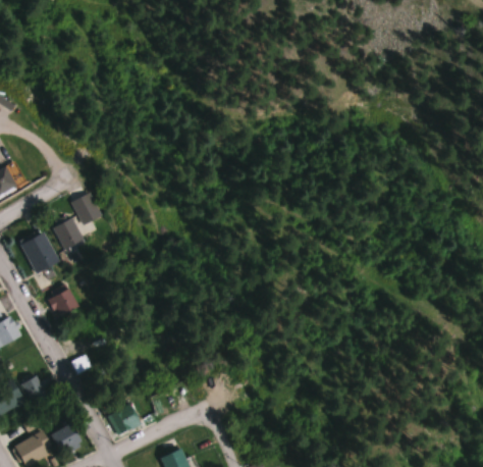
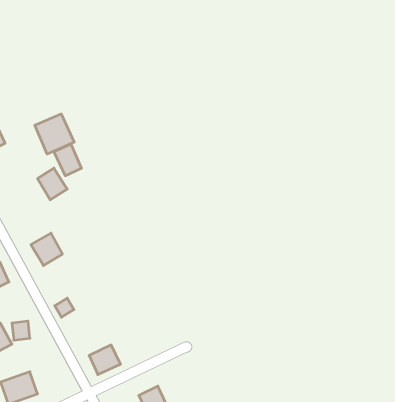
building: none -> [35,114,74,154]
building: [19,228,59,272] -> none
building: [51,423,84,456] -> none

